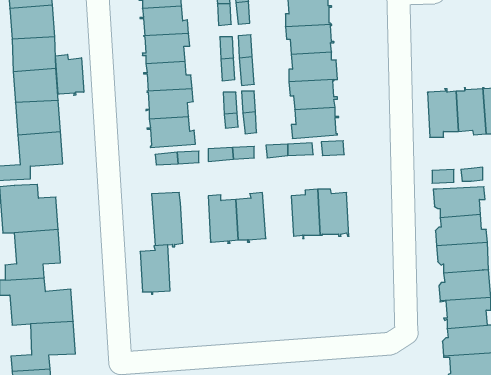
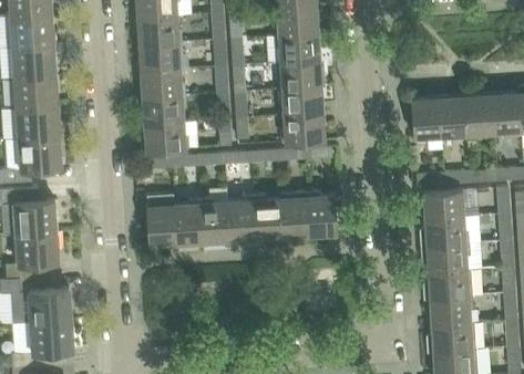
building: [55,54,84,95] -> none
building: none -> [254,195,284,241]
building: [140,245,170,294] -> [175,199,204,247]

